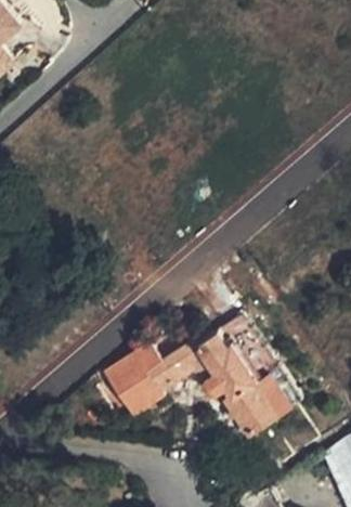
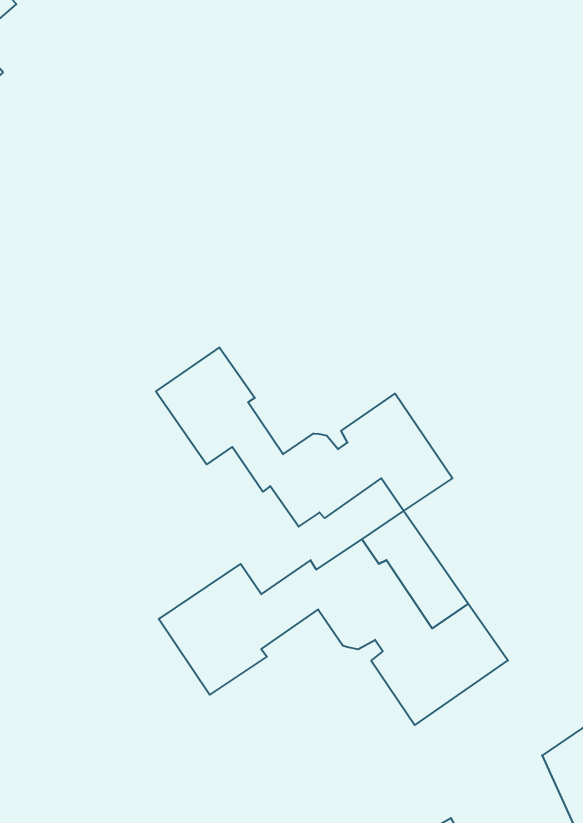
building: none -> [156,347,452,527]

